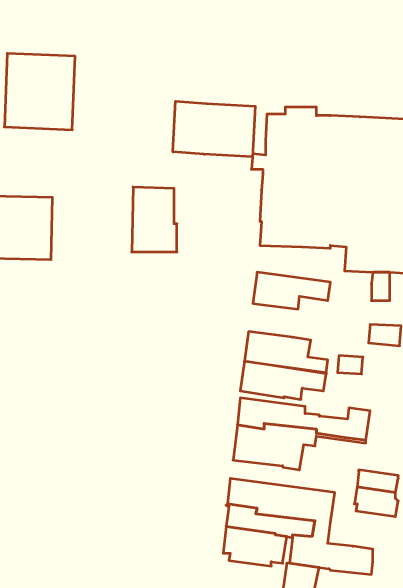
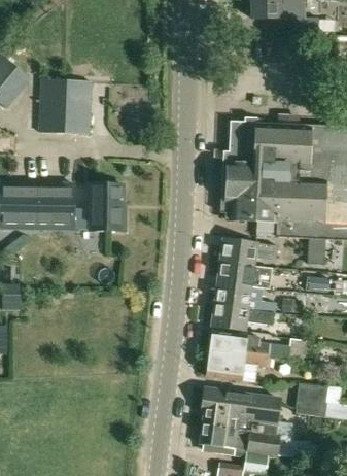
building: [173,101,255,157] -> none
building: [132,187,177,252] -> [90,182,123,230]
building: none -> [217,261,271,288]

